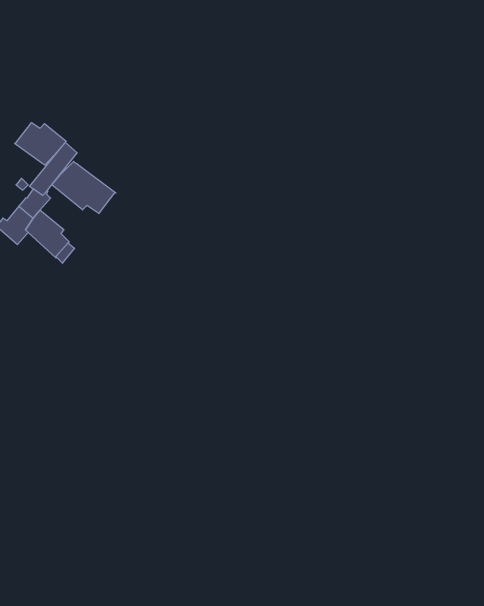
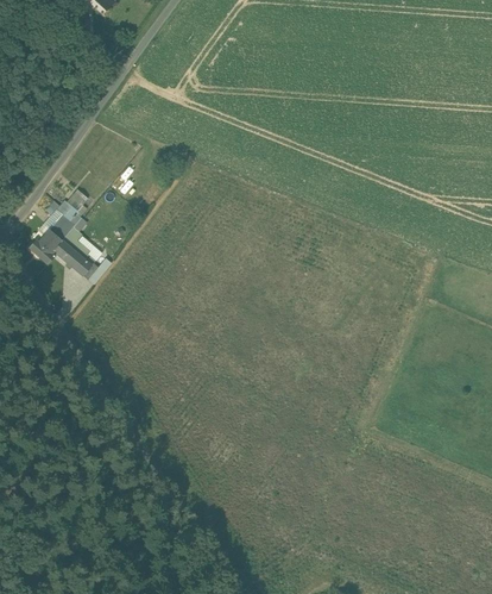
building: [15,123,66,165] -> none
building: [52,161,116,214] -> none

